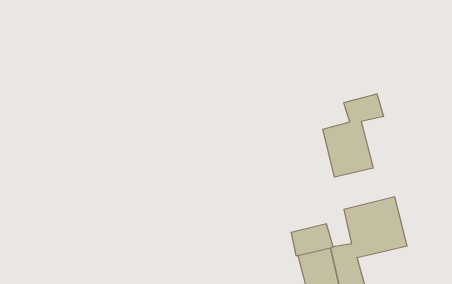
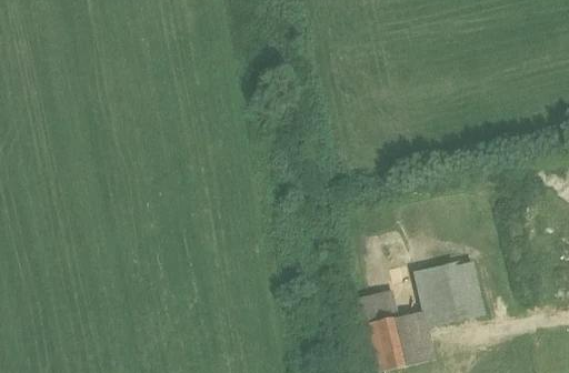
building: [323,94,384,177] -> none

